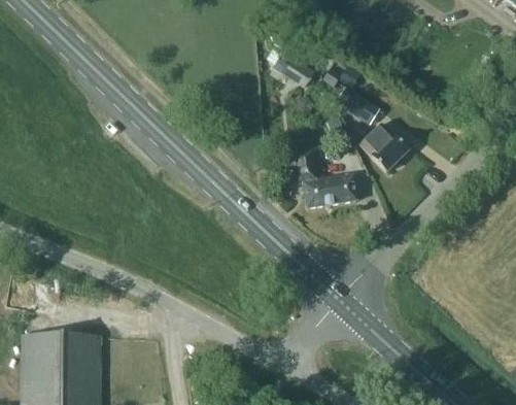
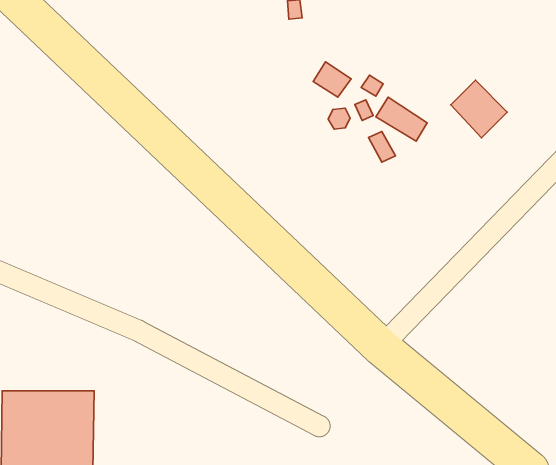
building: [362,124,409,172] -> [451,80,507,138]
building: [294,148,358,208] -> none

